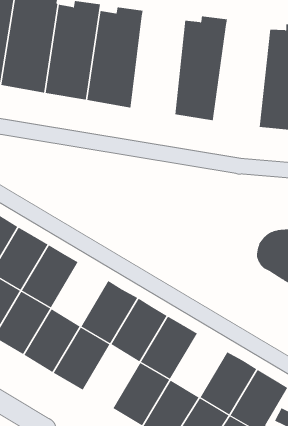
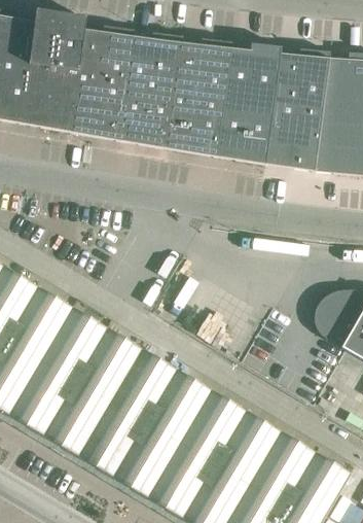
building: none -> [168,38,230,158]
building: none -> [263,49,329,172]
building: none -> [75,328,141,403]
building: none -> [213,411,279,485]
building: none -> [112,423,178,497]

